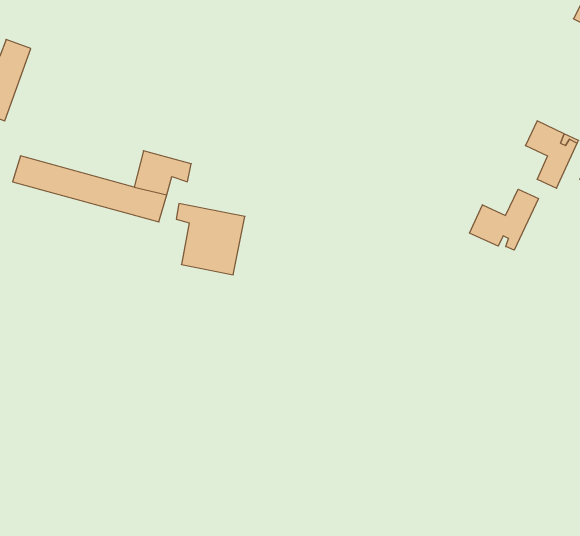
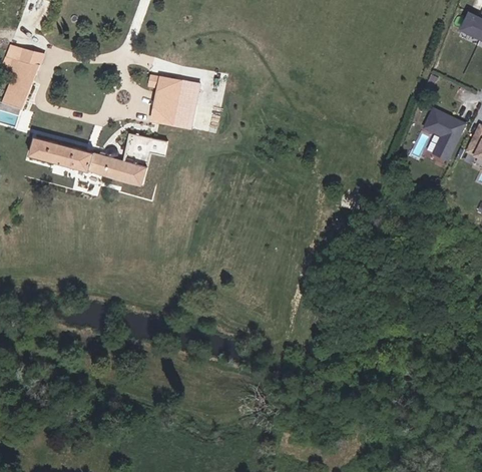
building: [469,189,539,250] -> none
building: [176,204,245,275] -> [149,72,202,127]

